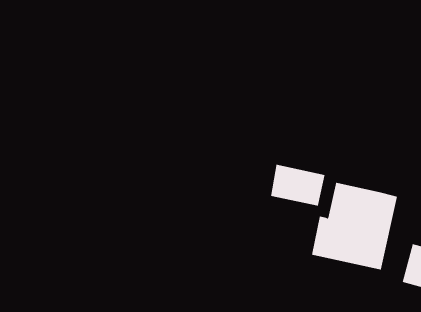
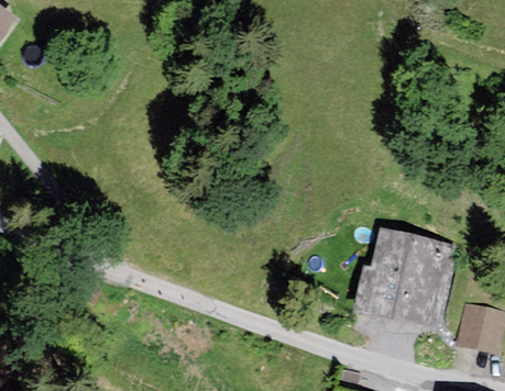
building: [270,164,325,207] -> none

